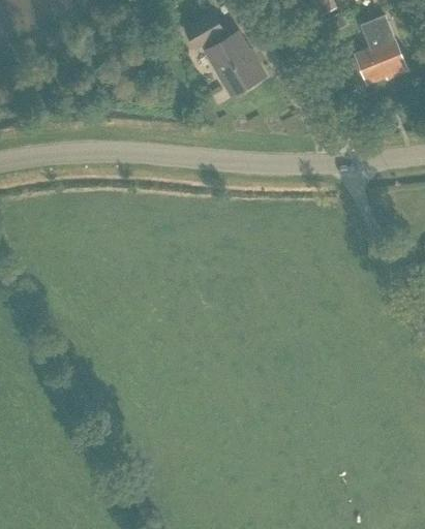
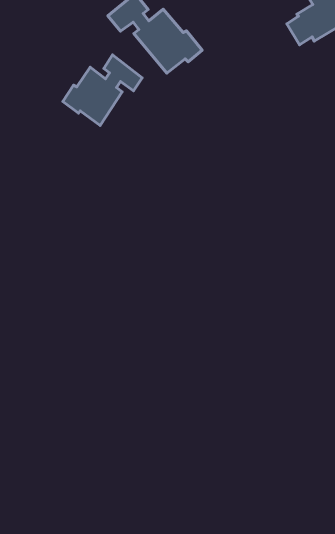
building: none -> [63,55,142,125]

